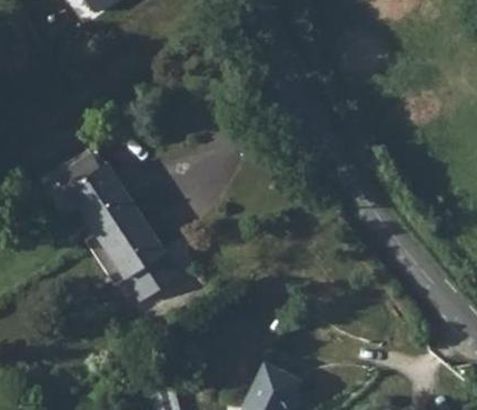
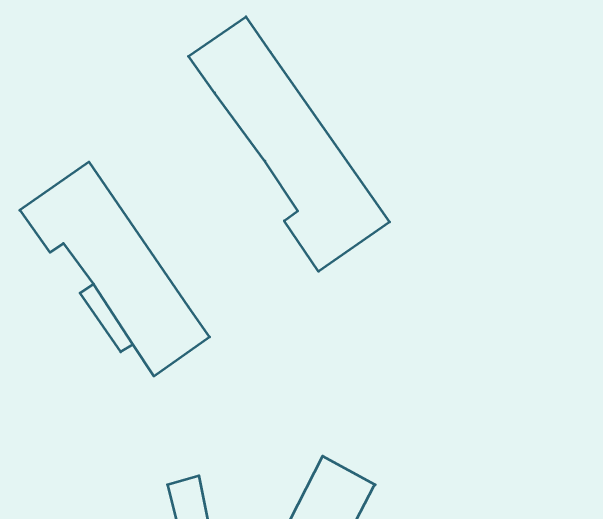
building: none -> [188,17,390,271]

